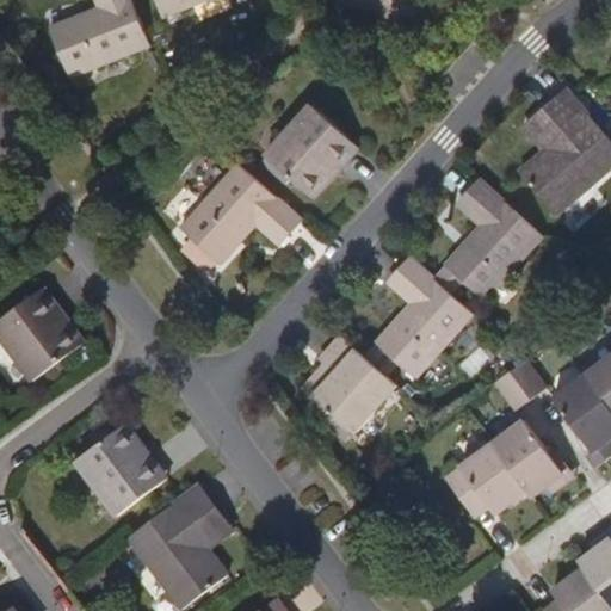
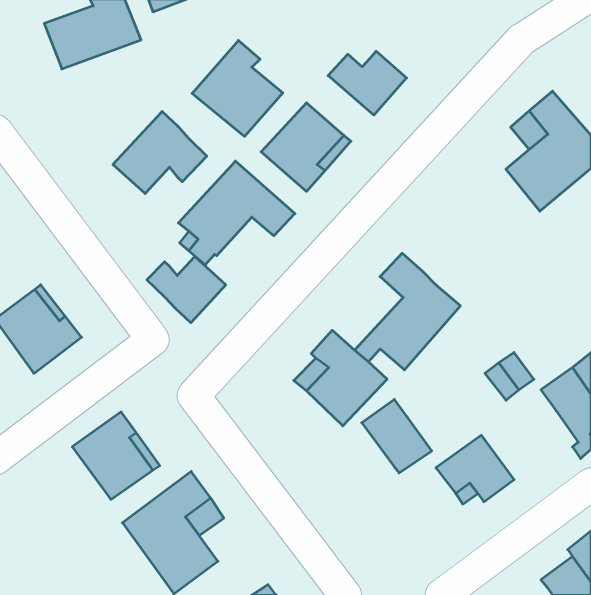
building: none -> [192,40,283,136]
building: none -> [328,51,407,115]
building: none -> [113,111,207,194]
building: [433,183,541,301] -> none
building: none -> [147,257,226,323]
building: [493,421,564,496] -> [362,399,432,473]

